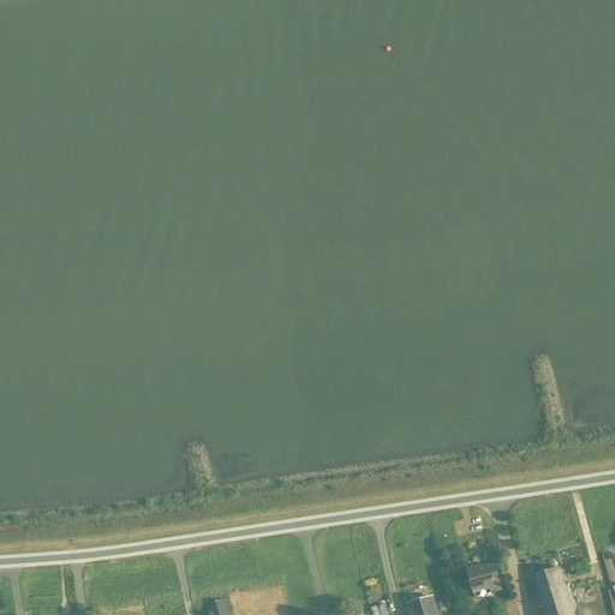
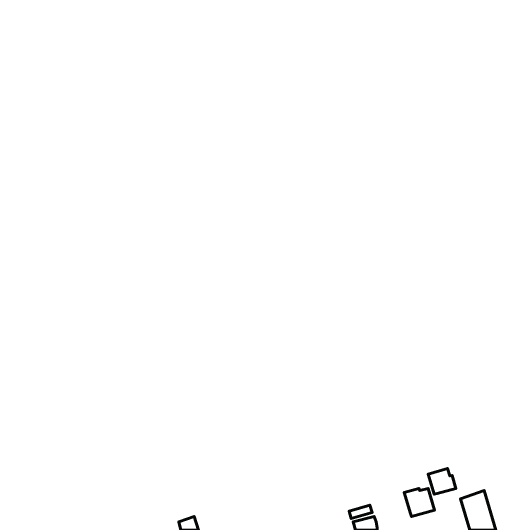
building: none -> [428,468,456,494]

